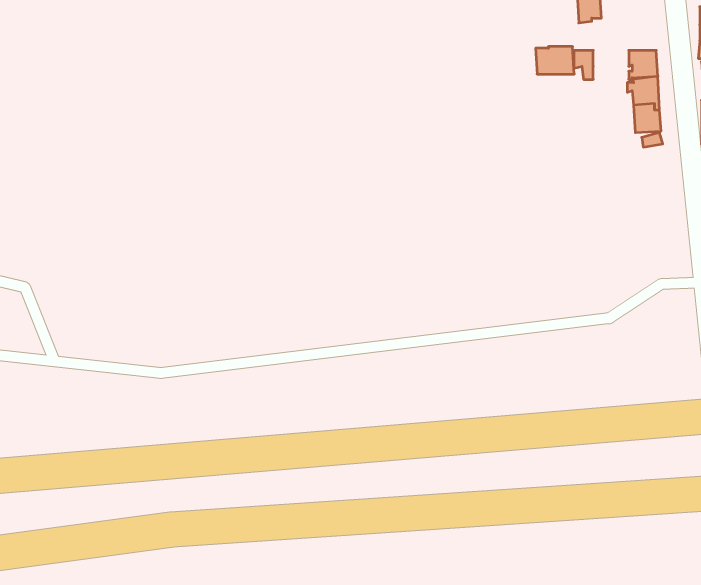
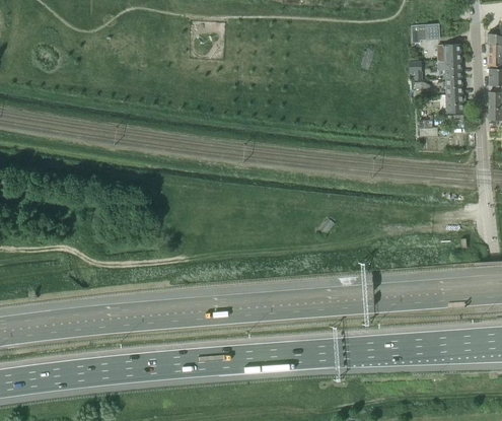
building: [536,47,574,74] -> [436,44,460,61]

